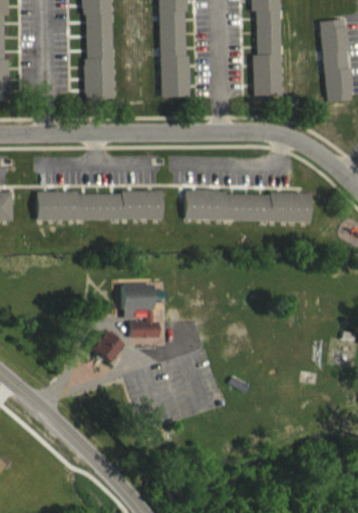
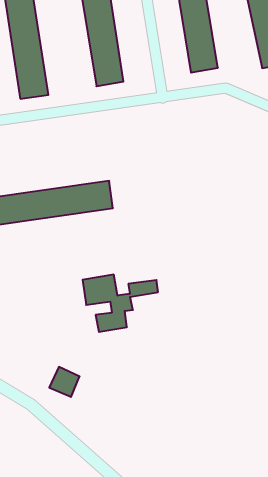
building: [186,191,311,221] -> none
building: [91,331,122,362] -> [49,367,80,397]

